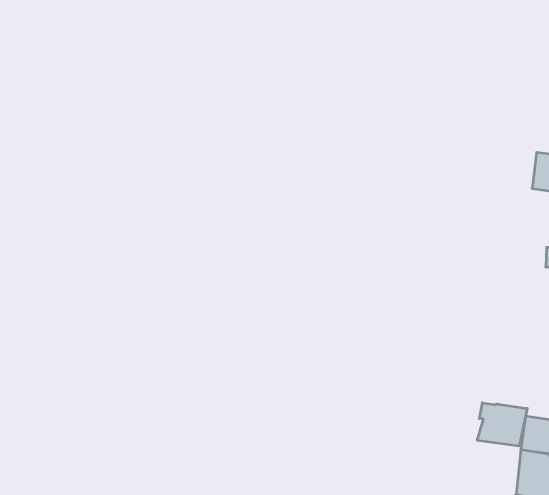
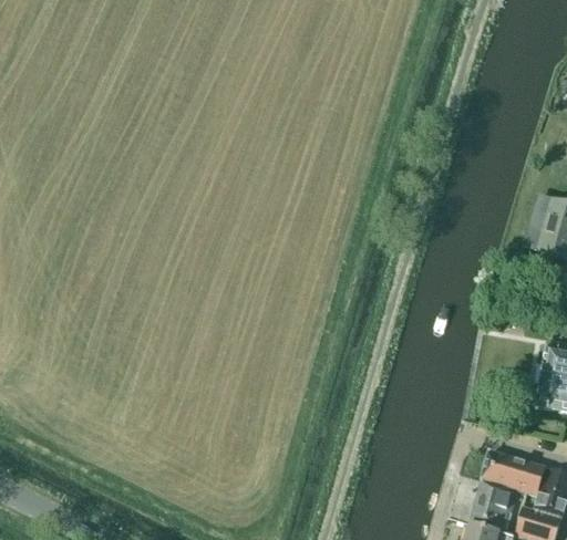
building: [477,403,527,446] -> none

